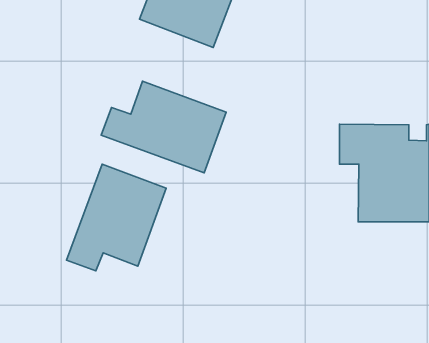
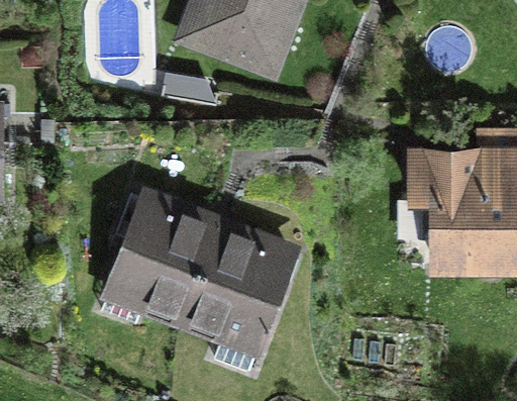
building: [101,81,226,173] -> none
building: none -> [181,223,287,367]

